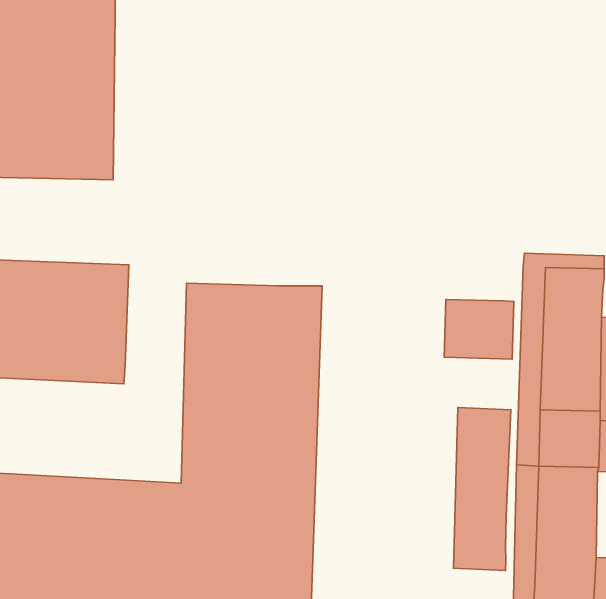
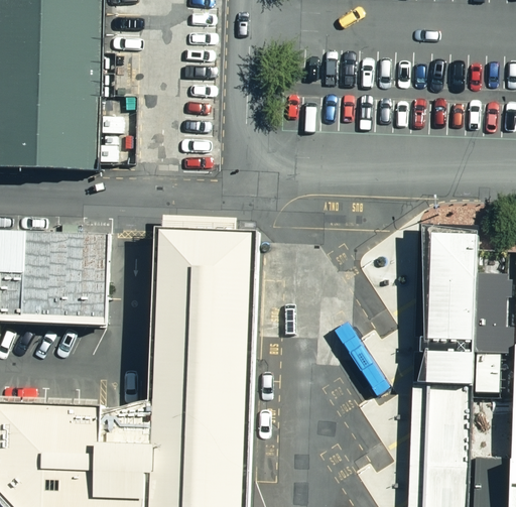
building: [444,300,514,359] -> none
building: [454,407,511,570] -> none

